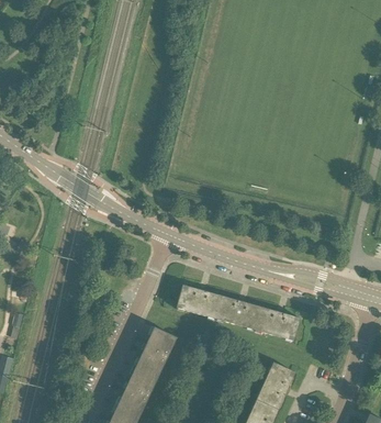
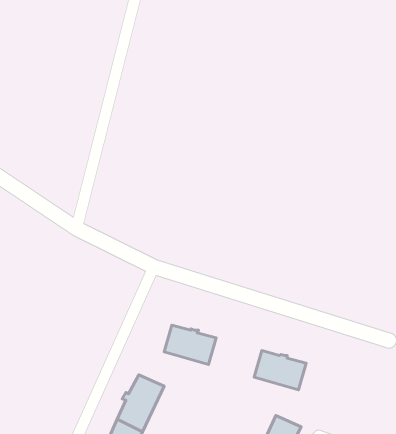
building: [214,296,260,330] -> none

